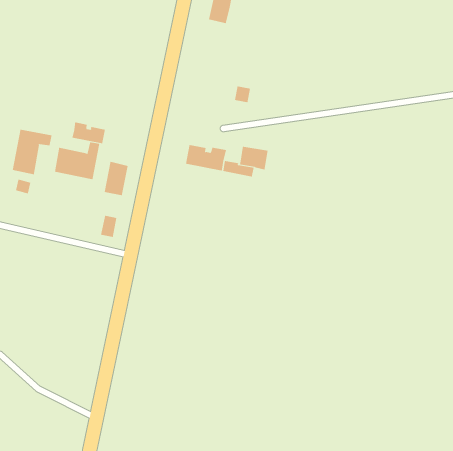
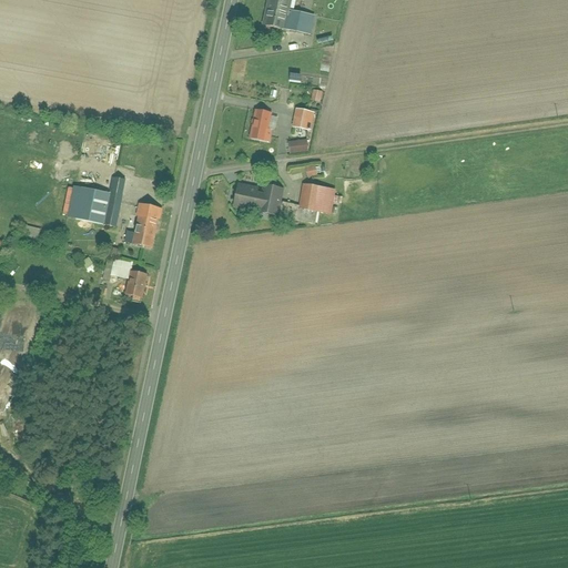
building: none -> [284,9,314,33]
building: none -> [251,110,280,140]
building: [72,122,106,144] -> none
building: [12,129,52,175] -> none

